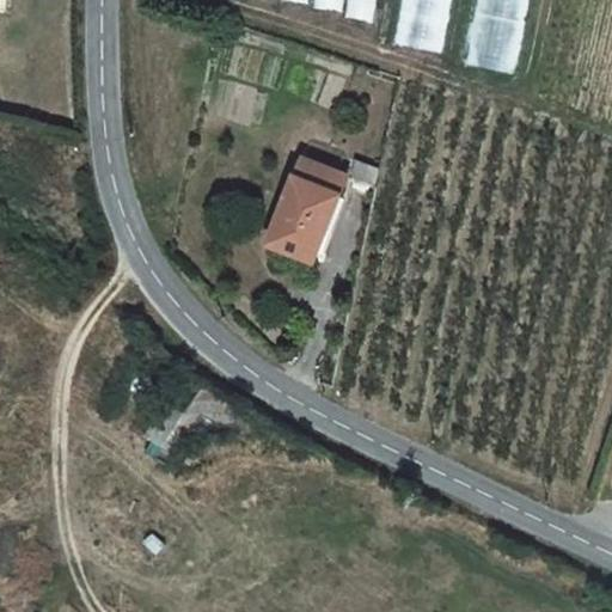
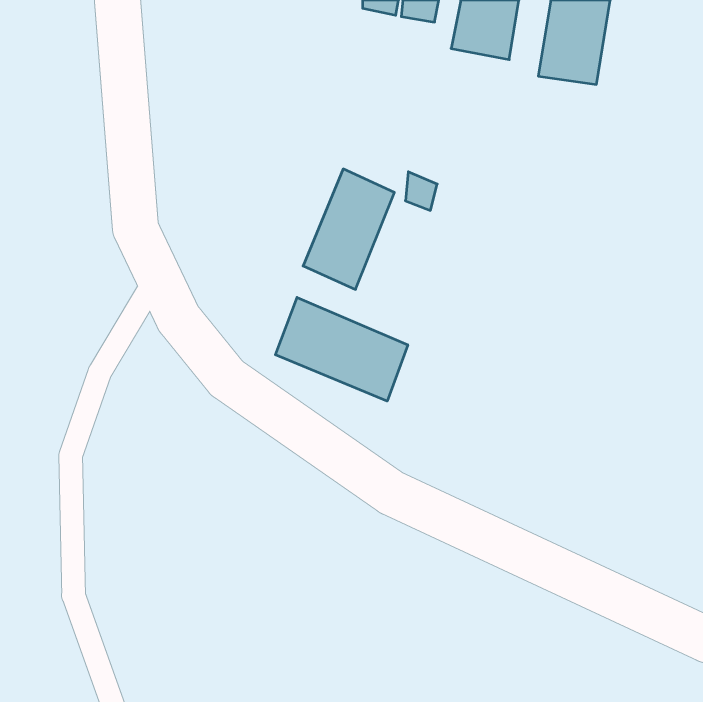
building: none -> [275,297,408,401]

